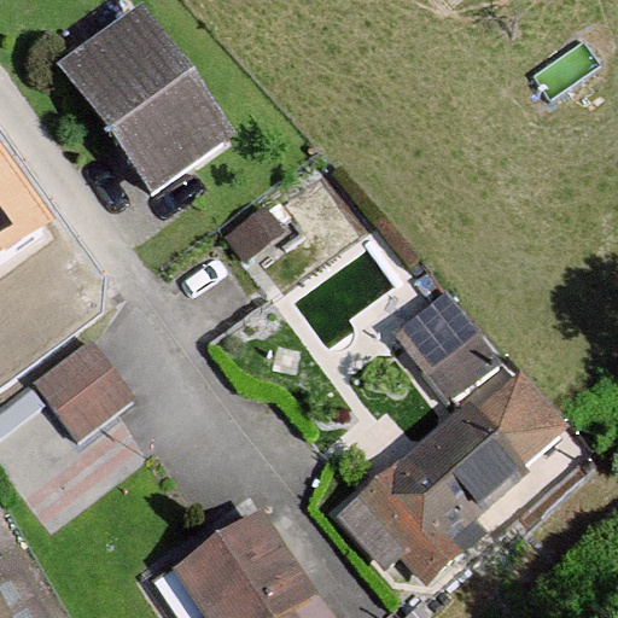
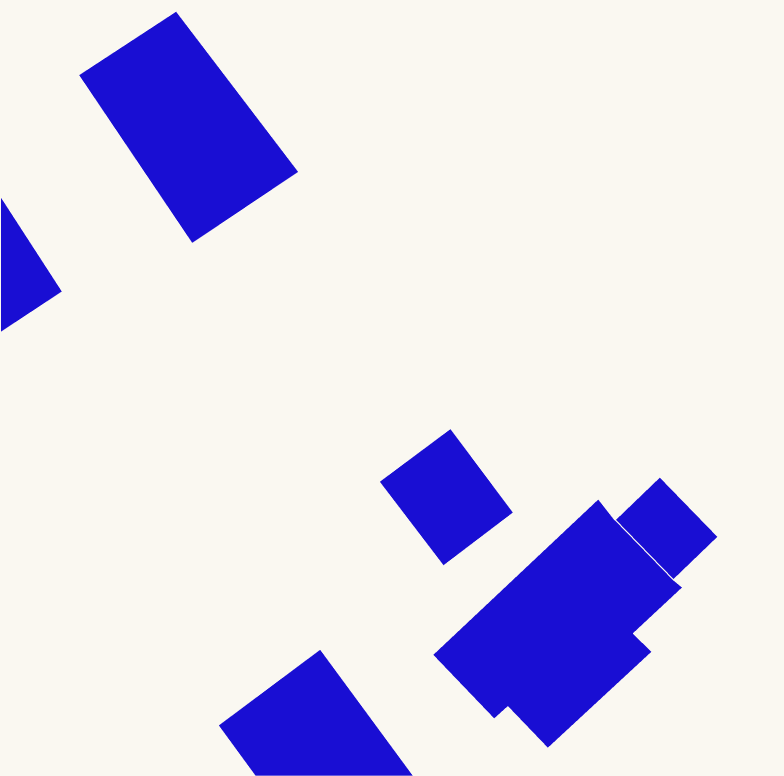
building: [392,291,499,400] -> [379,428,514,566]
building: [29,337,133,439] -> none

